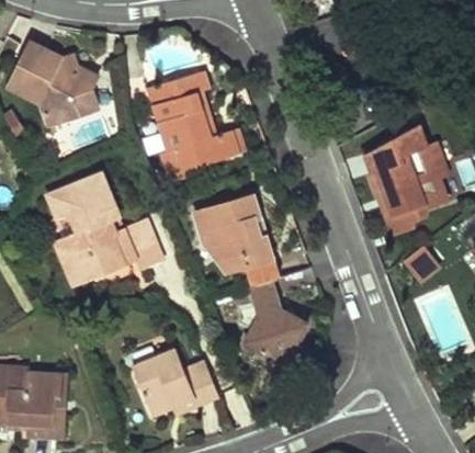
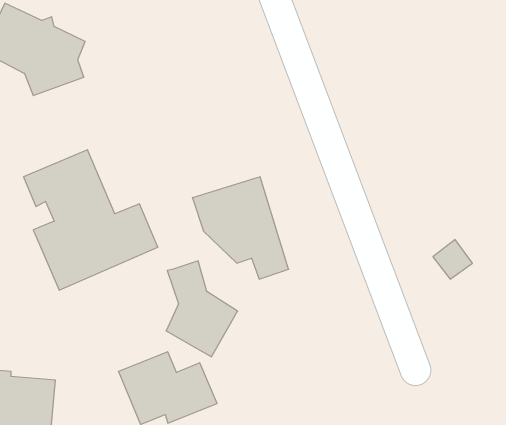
building: [148,70,245,177] -> none
building: [370,132,452,240] -> none
building: [246,278,309,363] -> [166,261,238,357]

